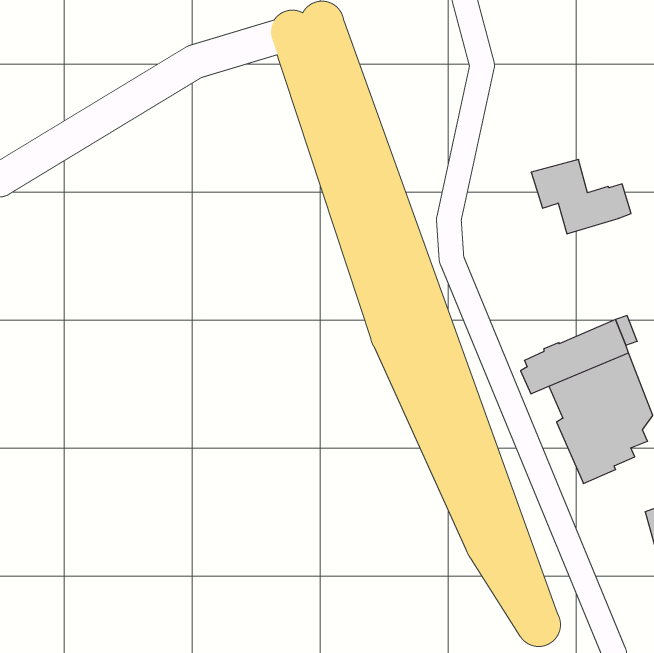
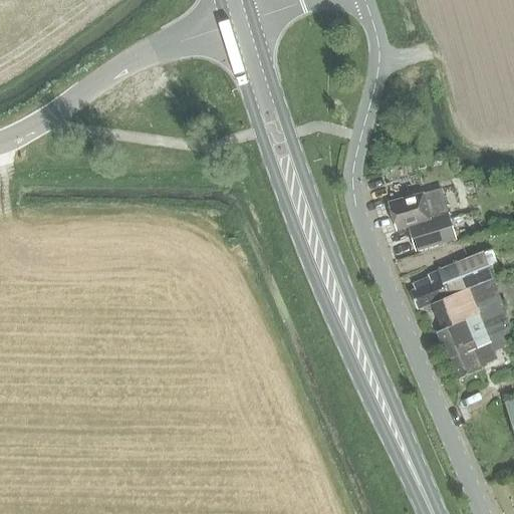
building: [531,159,631,234] -> [388,191,466,249]

